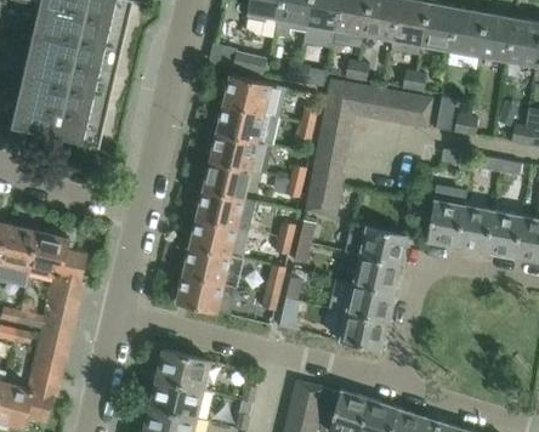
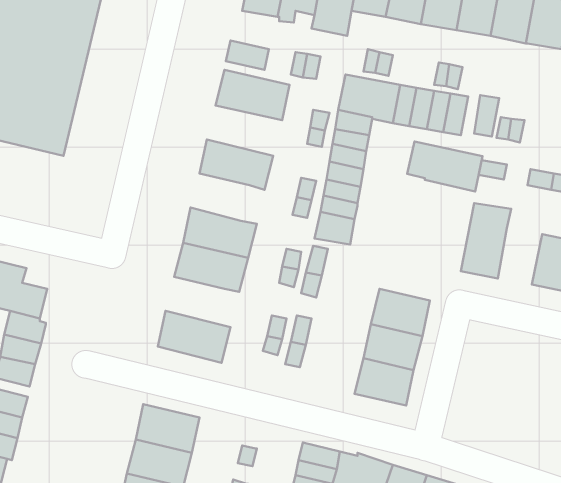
building: [216,104,278,146] -> none
building: [203,160,251,199] -> none
building: [455,205,492,251] -> none
building: [344,223,405,265] -> [407,141,482,192]
building: [182,245,243,286] -> none

